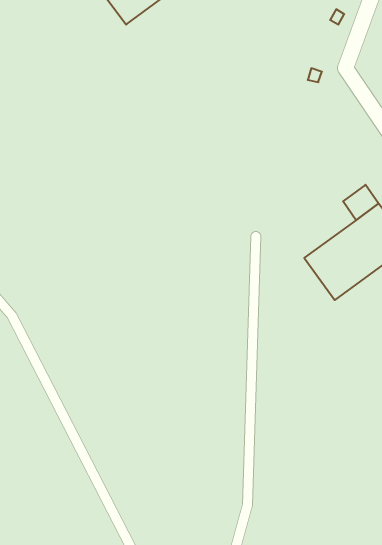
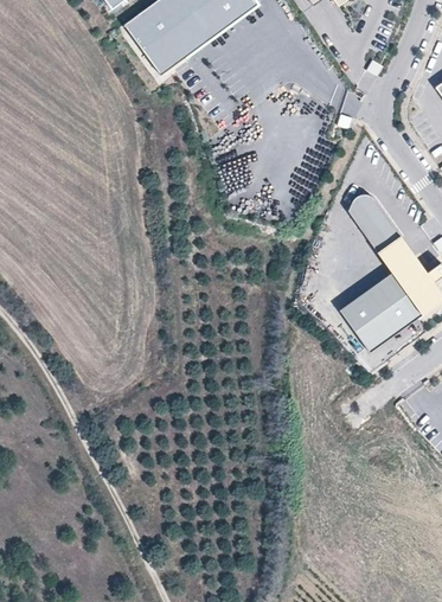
building: none -> [348,193,402,251]

